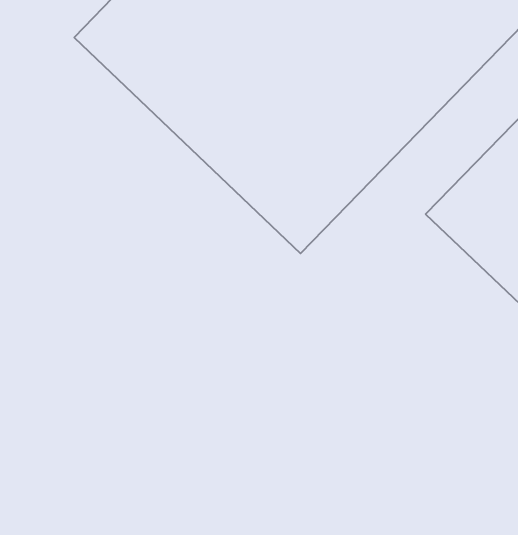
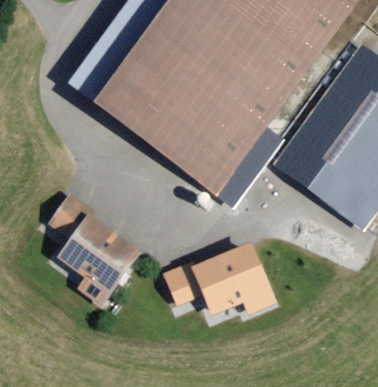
building: none -> [49,194,143,308]
building: none -> [176,243,278,308]

